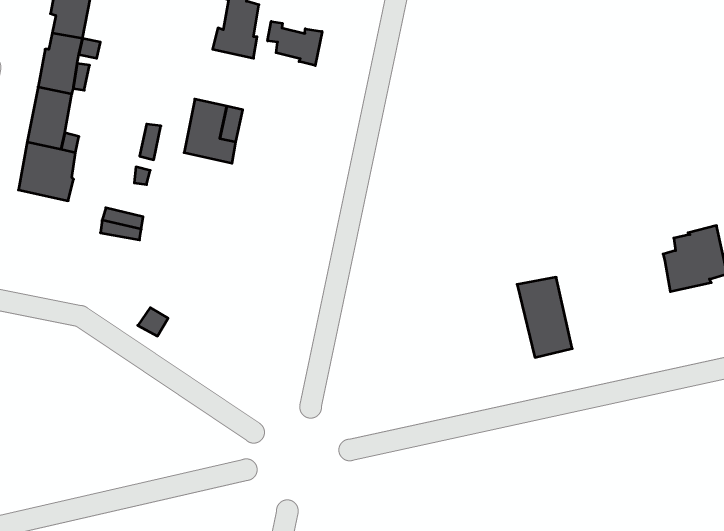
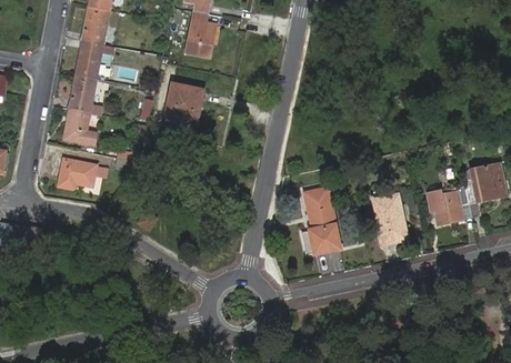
building: [268,21,322,66] -> none
building: none -> [59,158,97,186]
building: none -> [429,183,470,222]
building: none -> [303,189,341,254]

